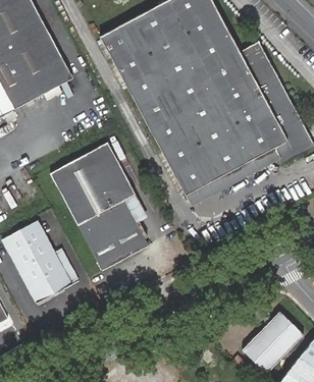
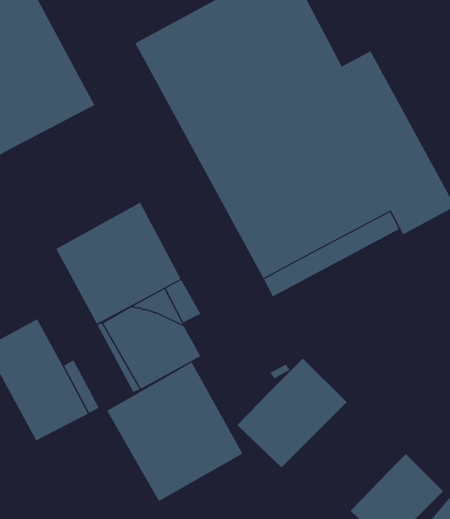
building: none -> [236,358,348,468]
building: none -> [107,361,243,502]

